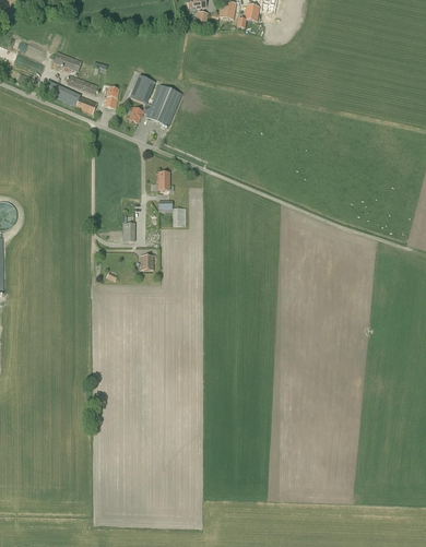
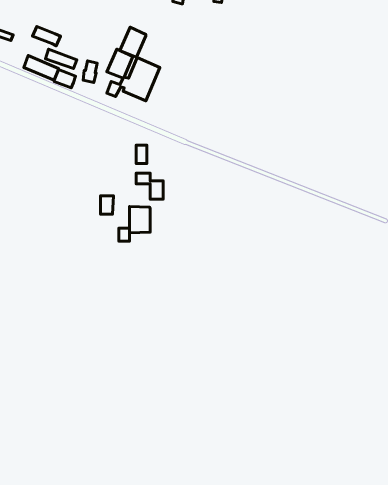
building: none -> [120,27,146,57]
building: none -> [130,207,150,233]

